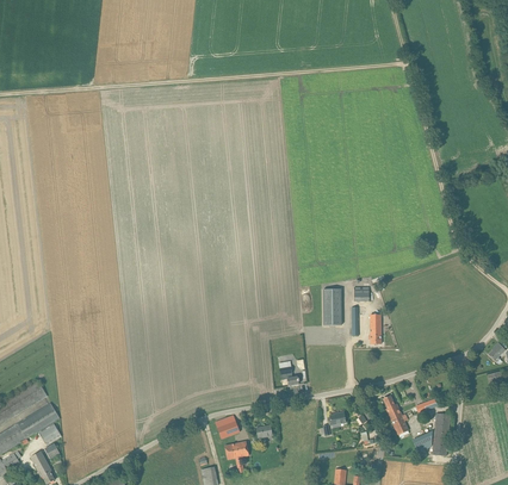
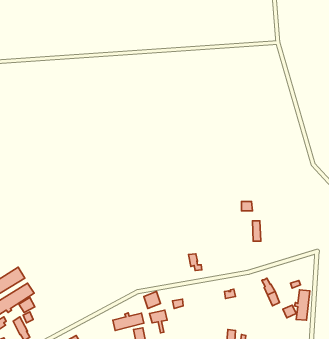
building: [322,288,340,324] -> none
building: none -> [113,313,144,330]

